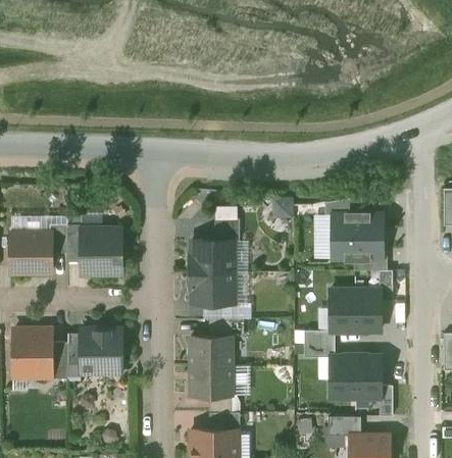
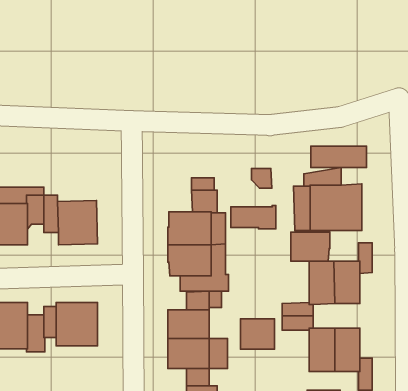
building: none -> [311,146,367,168]
building: none -> [231,205,276,229]
building: none -> [291,232,330,261]
building: none -> [240,319,274,349]

